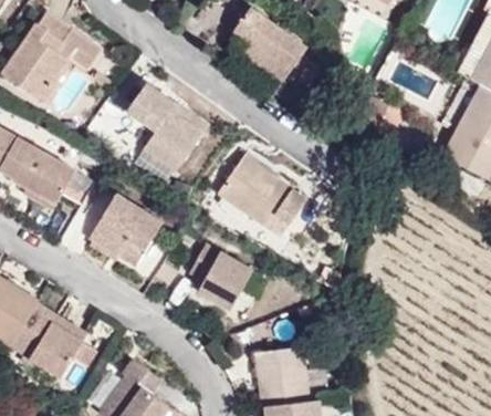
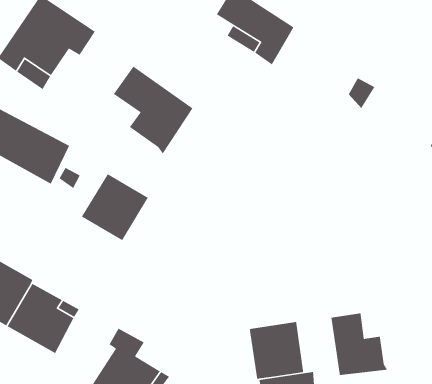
building: [212,150,306,227] -> none
building: [188,242,252,308] -> none
building: none -> [331,313,388,376]

